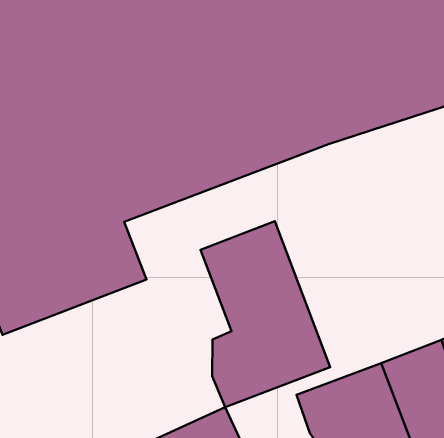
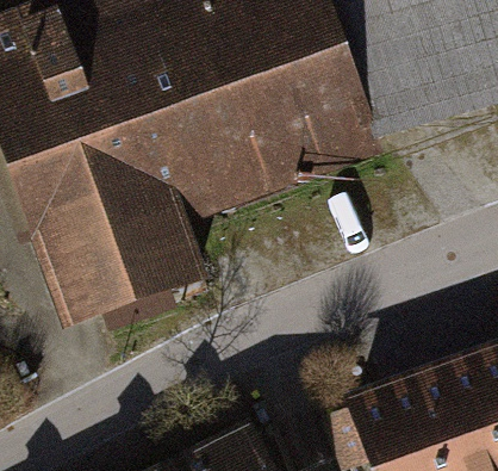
building: [200,221,330,407] -> none

